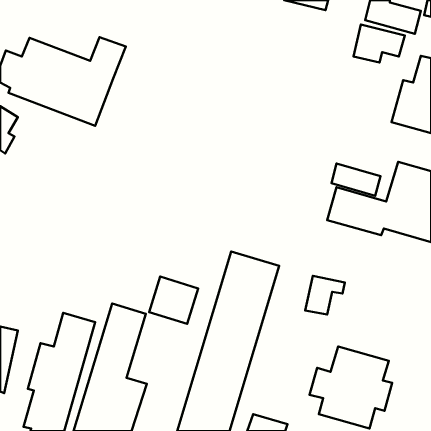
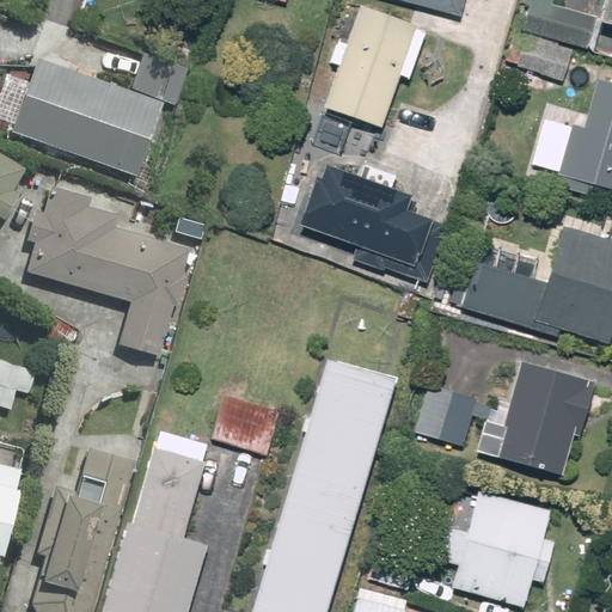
building: none -> [328,5,429,126]
building: none -> [294,165,446,290]
building: none -> [27,186,188,354]
building: none -> [477,362,595,477]

